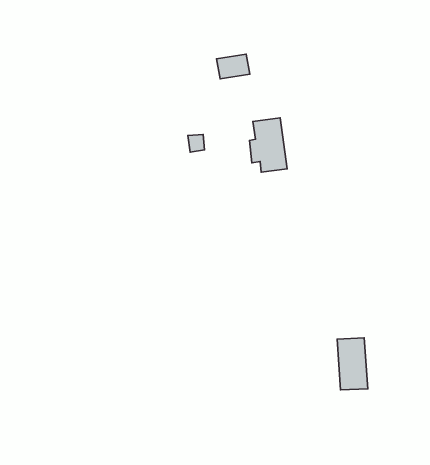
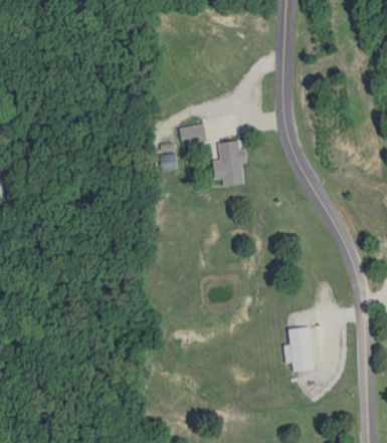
building: [217,54,250,79] -> [178,125,206,146]

